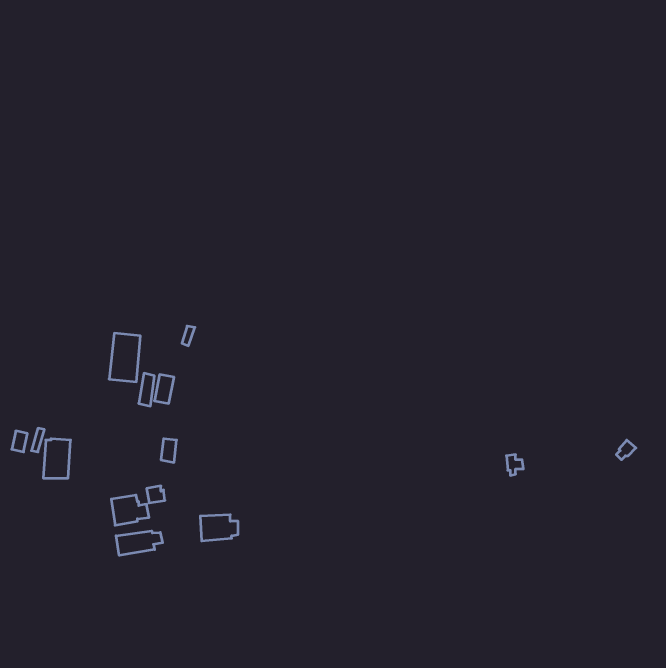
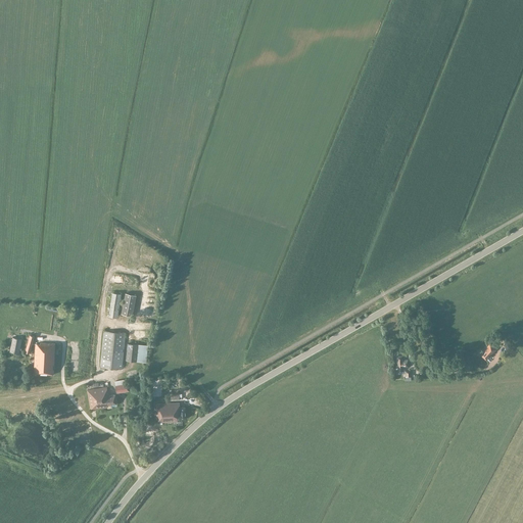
building: [109,333,140,382] -> [102,330,127,368]
building: [116,531,163,555] -> none

